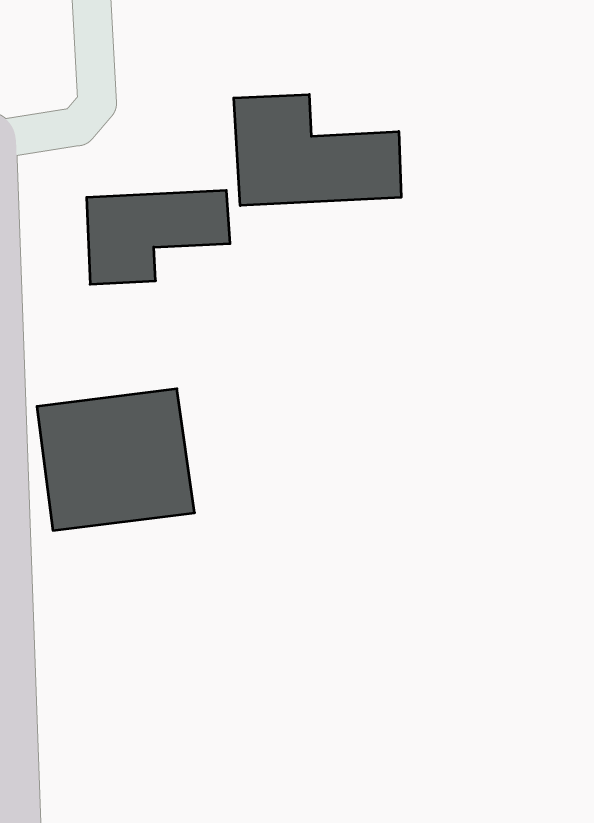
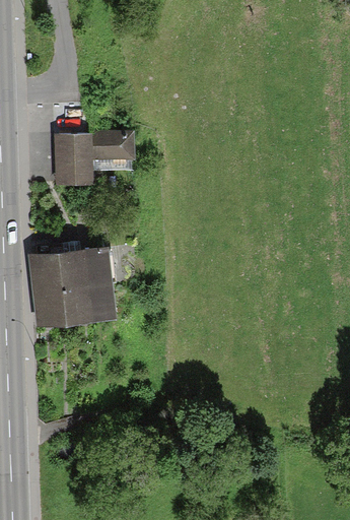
building: [234,94,401,206] -> none

